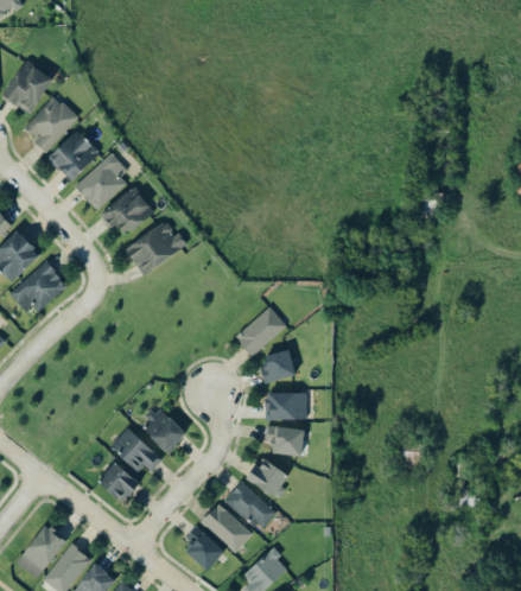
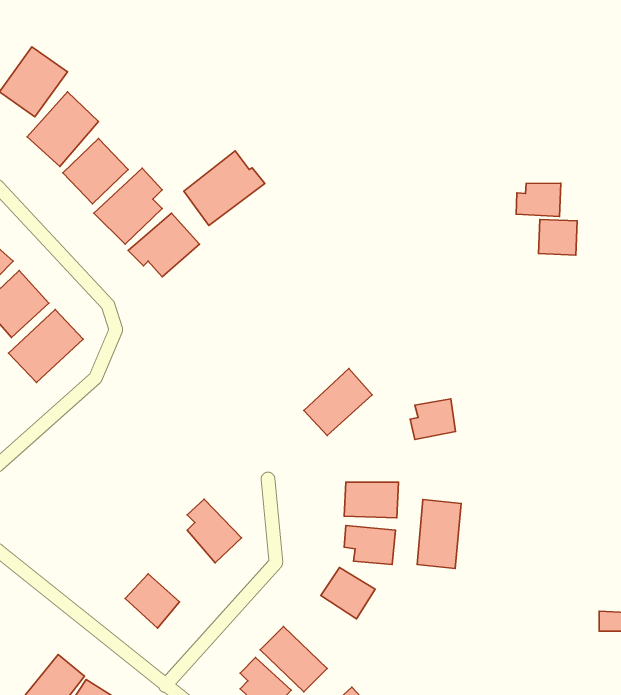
building: none -> [516,183,561,216]
building: [125,220,186,277] -> [184,151,265,225]
building: [260,351,294,382] -> [410,399,455,439]
building: none -> [417,500,461,568]
building: [109,427,163,472] -> none
building: [224,482,277,532] -> none

